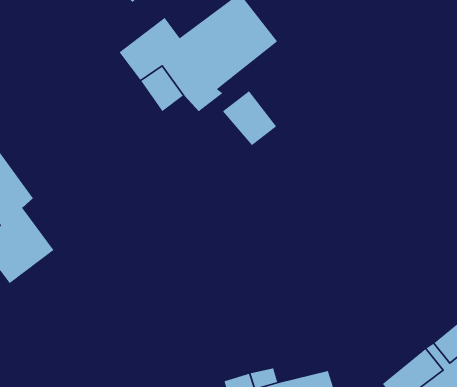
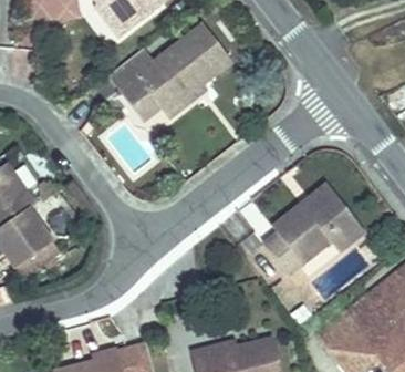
building: [222,90,277,146] -> none
building: none -> [267,183,367,271]

